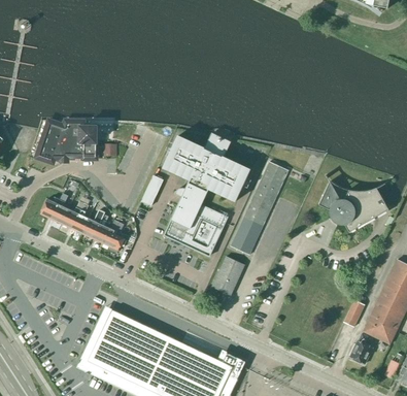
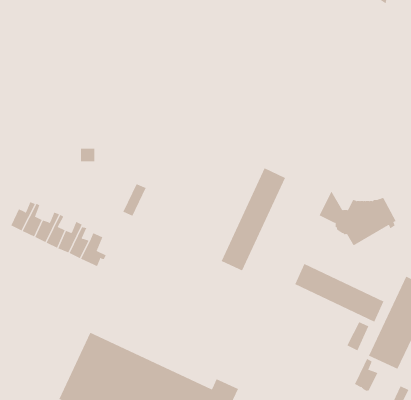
building: [37,121,96,162] -> none
building: [163,135,250,255] -> none
building: none -> [294,263,384,322]
building: [212,256,244,295] -> none

